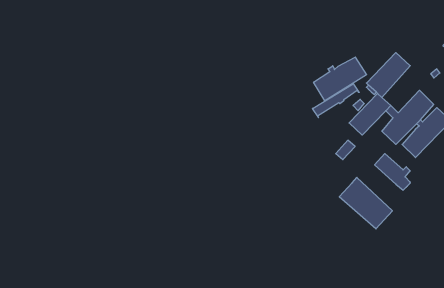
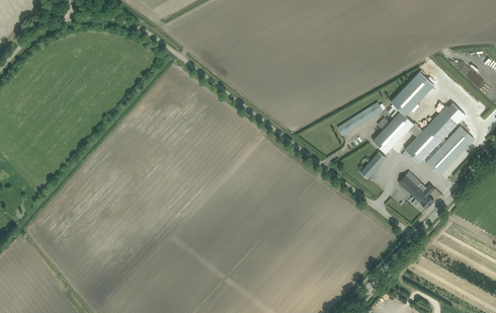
building: [314,57,367,101] -> none
building: [339,177,392,229] -> none

